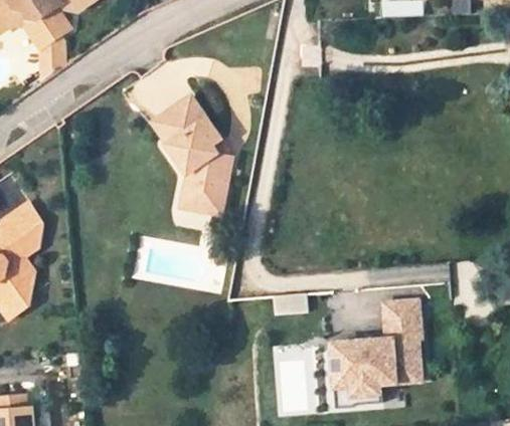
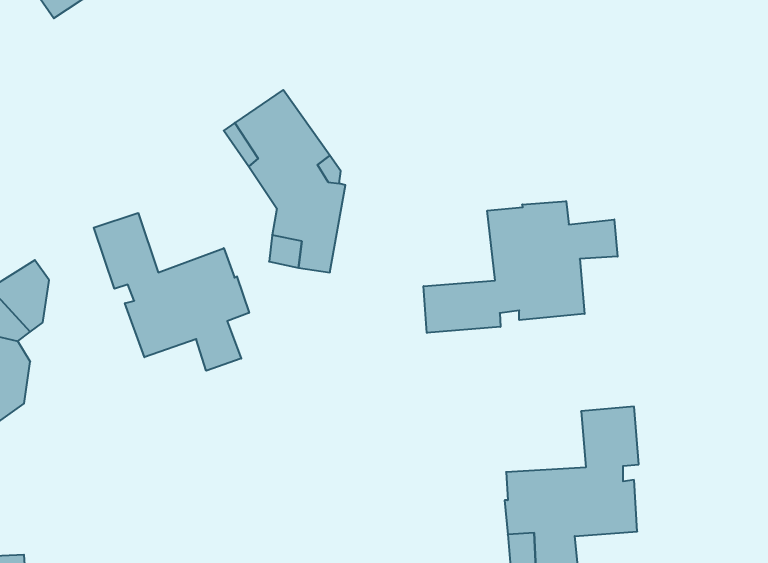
building: none -> [424,201,618,333]
building: none -> [94,213,249,371]

